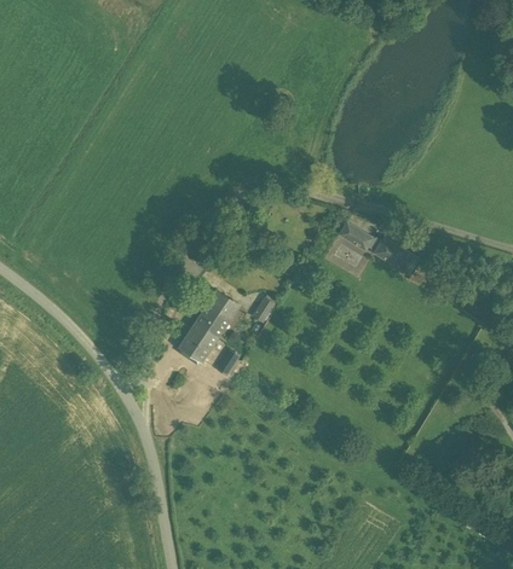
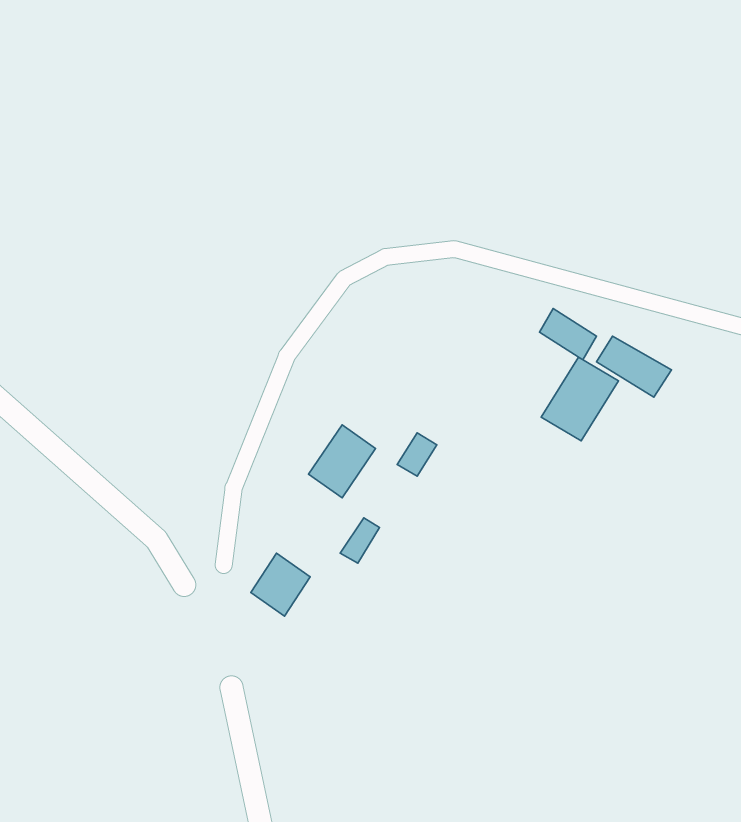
building: none -> [541,357,618,441]
building: [180,321,217,360] -> [251,553,310,616]

